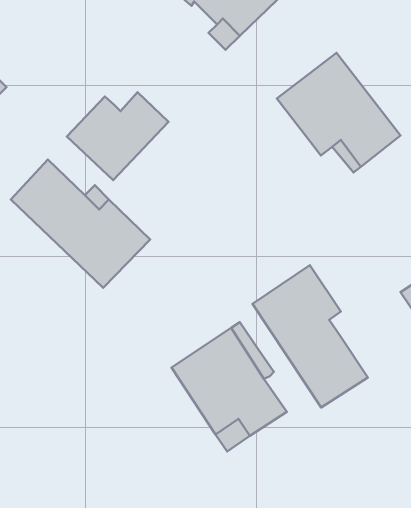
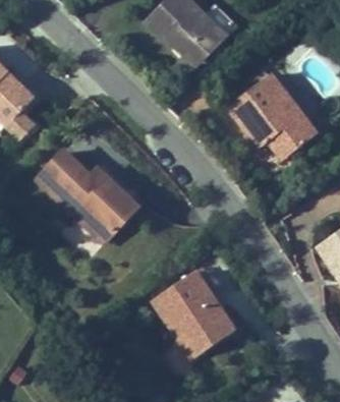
building: [67,92,168,180] -> none
building: [253,265,368,408] -> none

